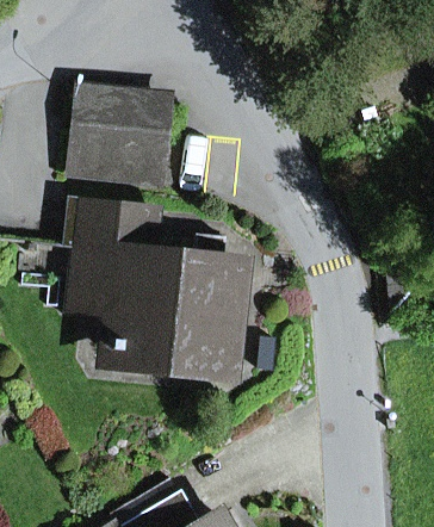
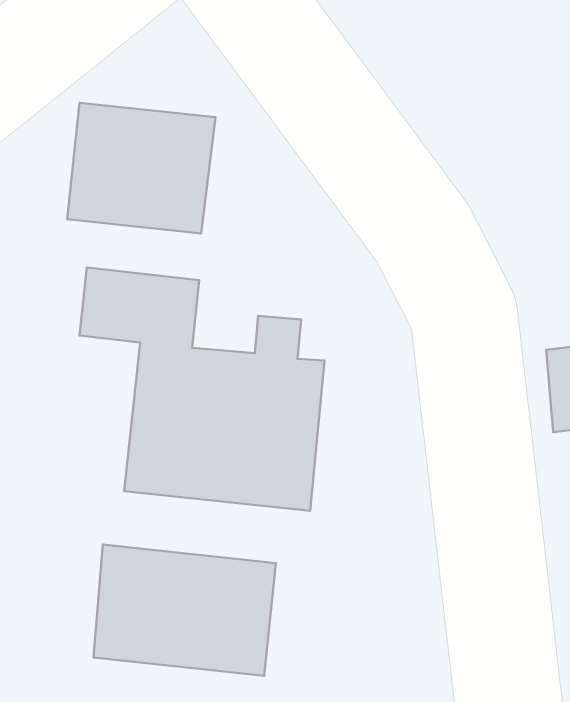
building: none -> [93,545,276,676]

